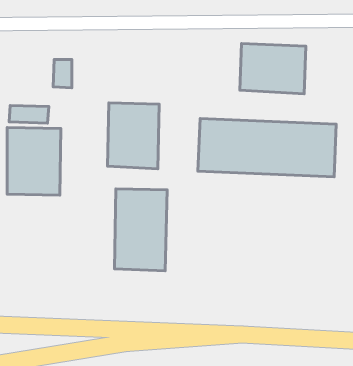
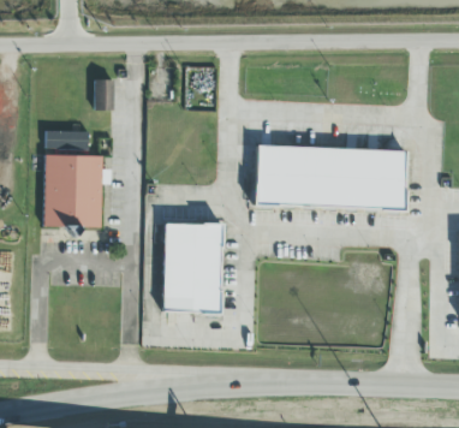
building: [240,44,306,94] -> none
building: [107,103,159,169] -> none

